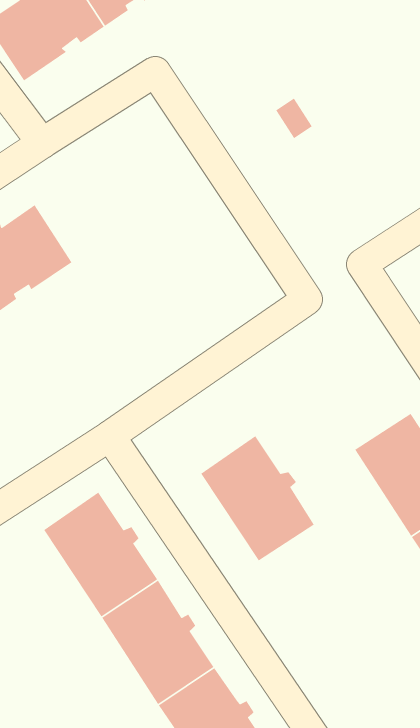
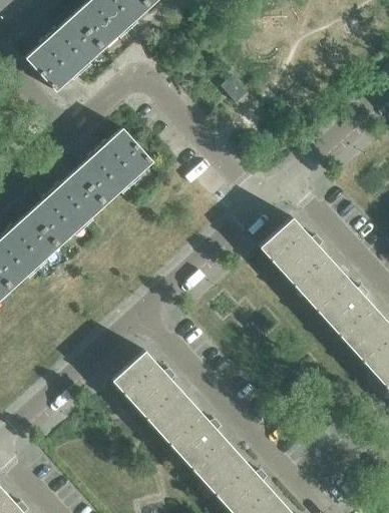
building: none -> [75,128,153,204]
building: [200,435,315,561] -> [260,216,339,298]

